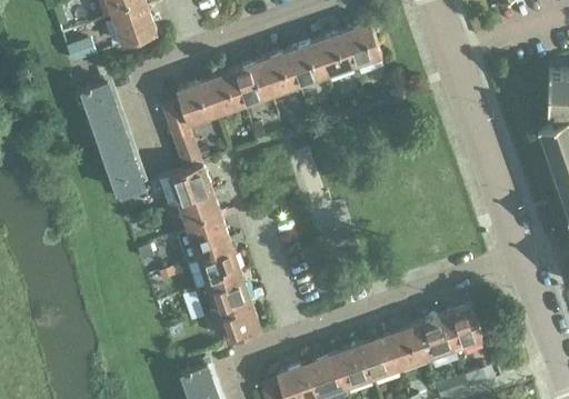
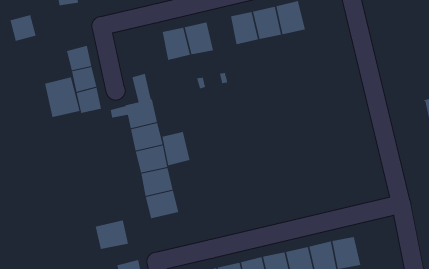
building: [259,52,298,97] -> none
building: [162,81,216,141] -> none
building: [79,82,114,118] -> [10,15,37,42]
building: none -> [45,77,80,118]
building: none -> [162,131,190,166]
building: [217,301,261,341] -> [95,220,129,250]

